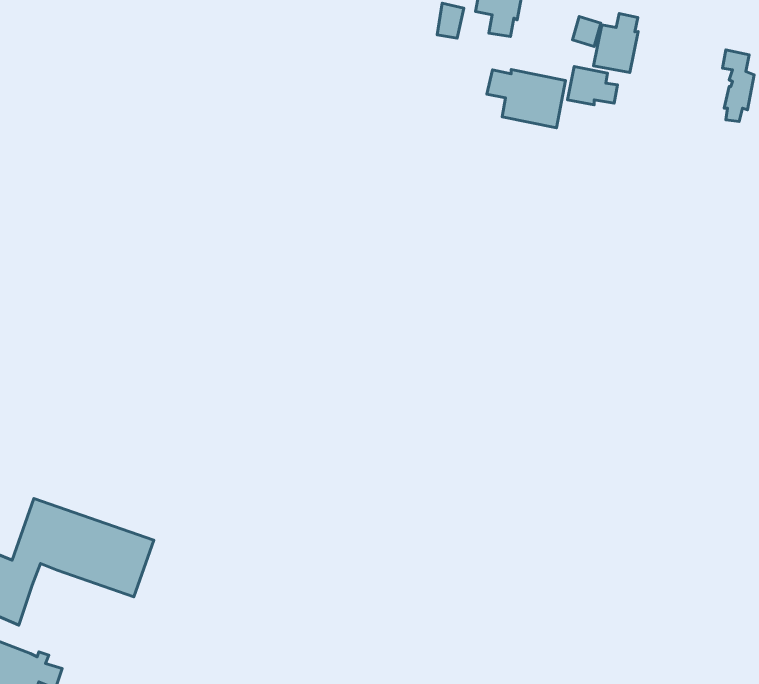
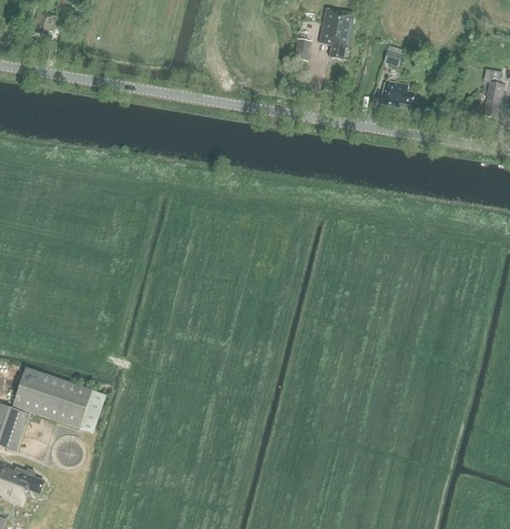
building: [593,13,638,73] -> none
building: [487,69,565,128] -> none

